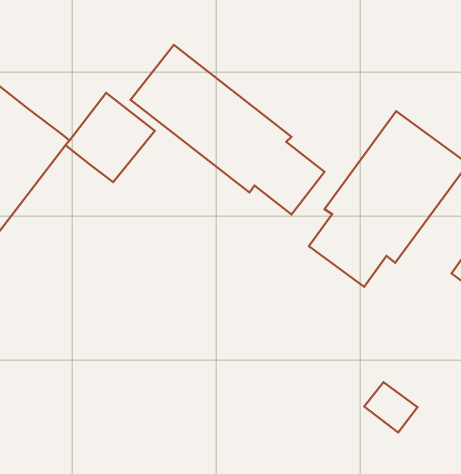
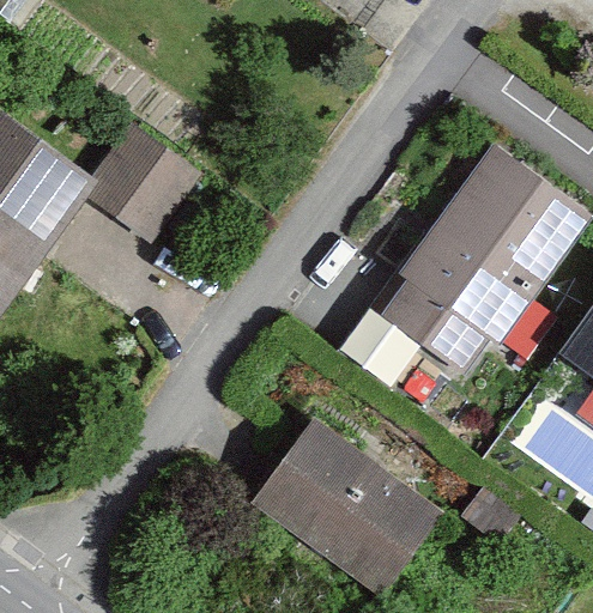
building: [131,45,325,215] -> none
building: none -> [259,424,430,584]

